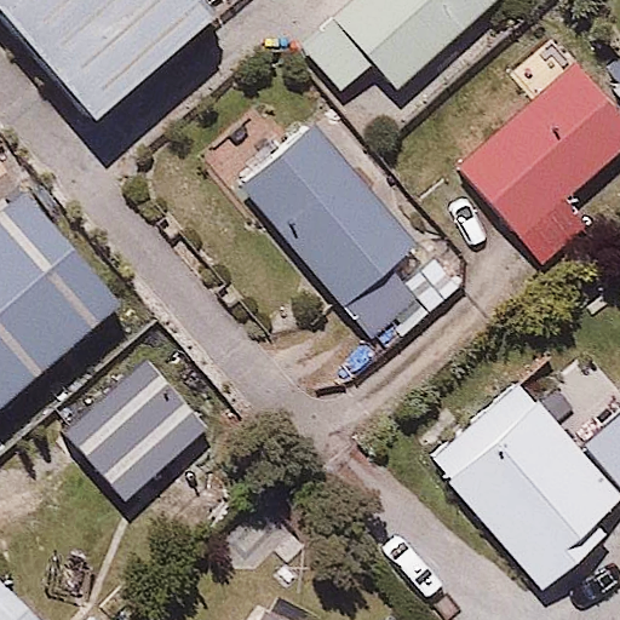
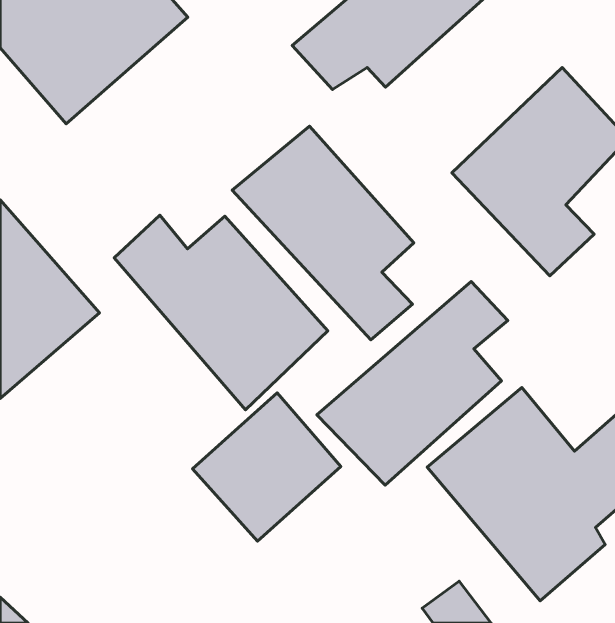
building: none -> [114,215,328,410]
building: none -> [317,282,508,485]
building: [61,357,207,504] -> [192,393,341,541]

